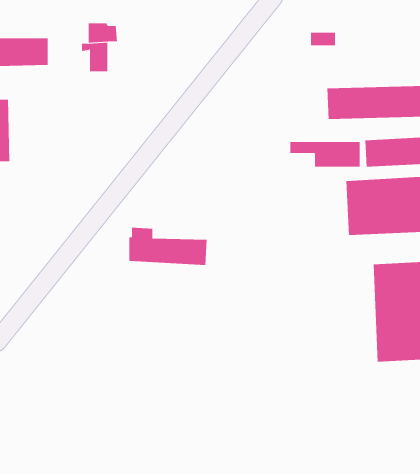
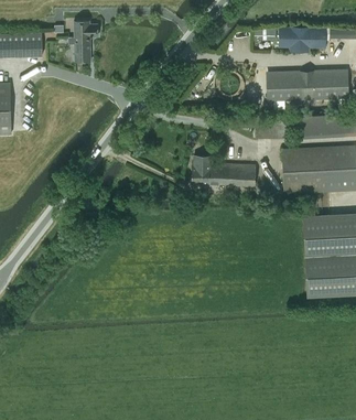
building: none -> [280,28,324,50]
building: [129,227,208,265] -> [192,154,256,185]

